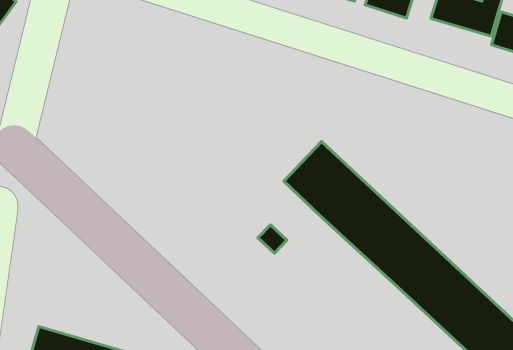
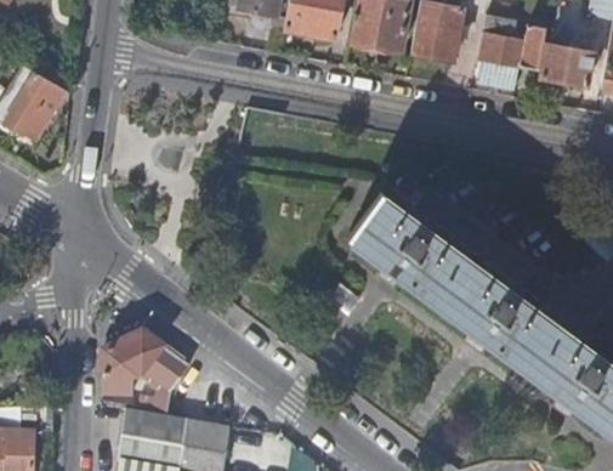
building: none -> [101,329,200,418]

